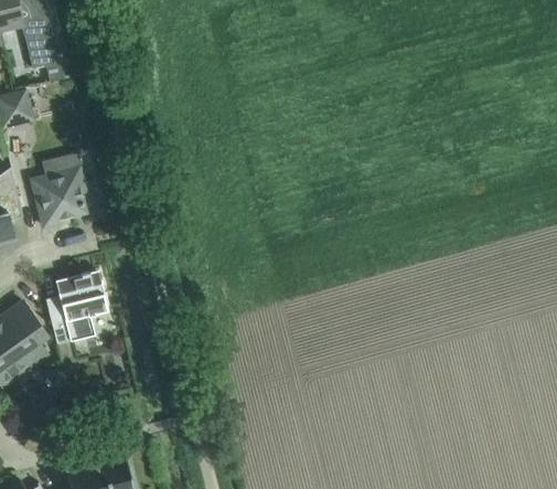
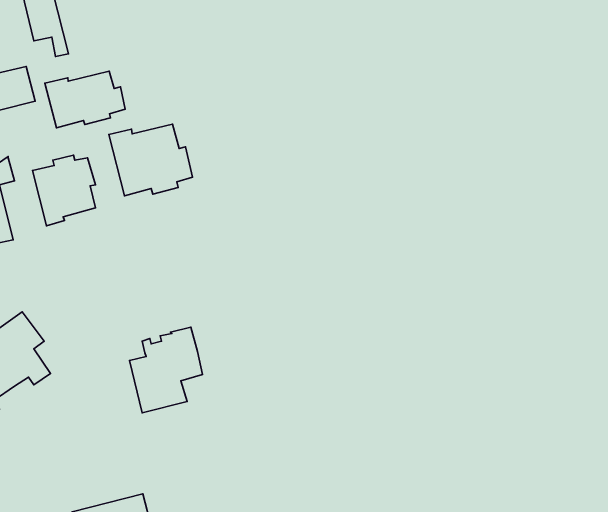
building: none -> [45,71,125,128]
building: none -> [109,124,192,196]
building: [45,270,108,344] -> [129,327,203,413]

